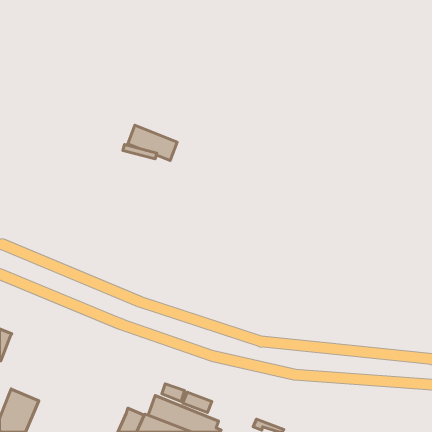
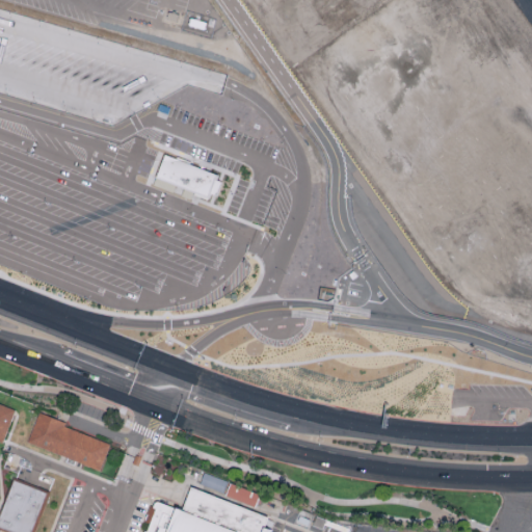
building: none -> [27,414,109,472]

